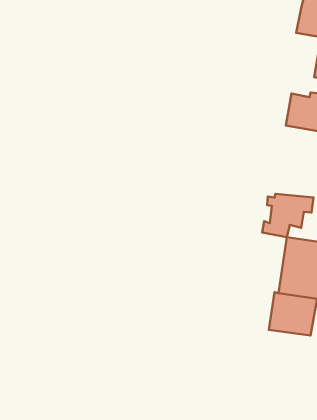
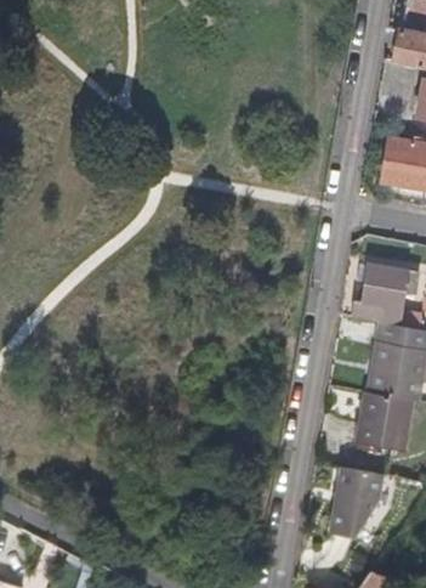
building: none -> [330,469,382,541]

